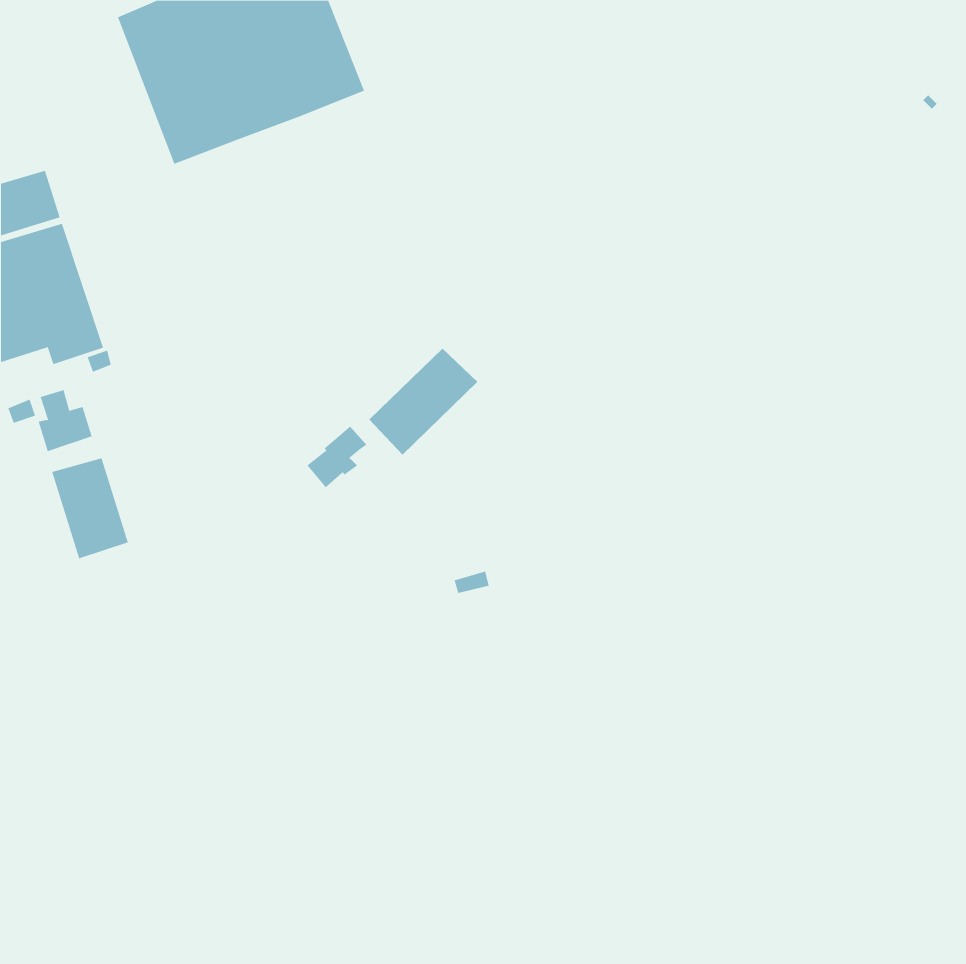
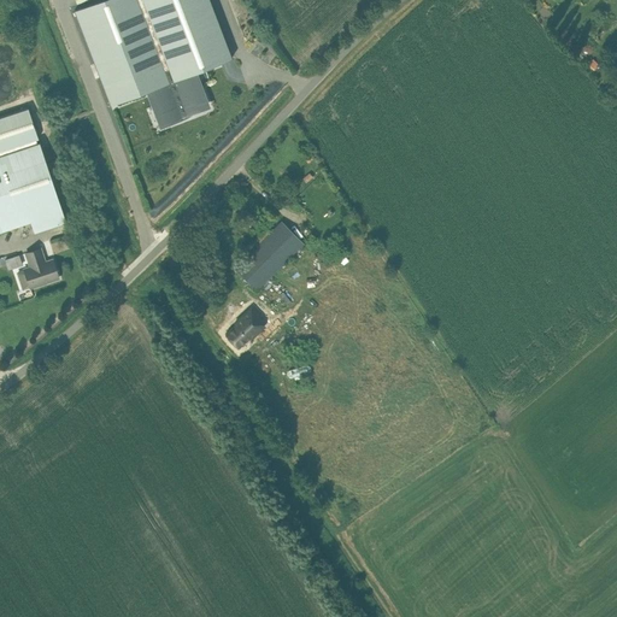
building: none -> [152,76,204,125]
building: [307,426,367,488] -> [224,307,263,347]
building: [52,457,129,559] -> none

